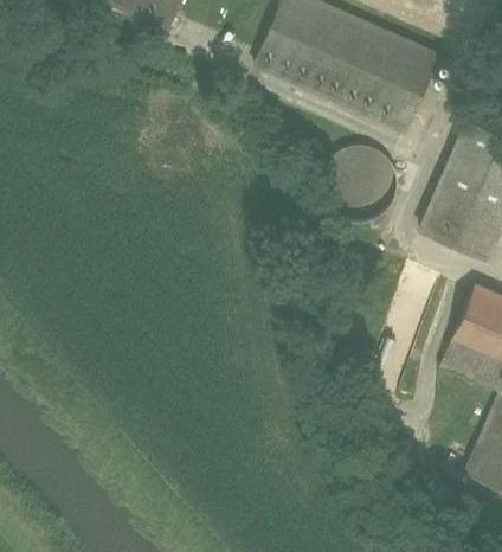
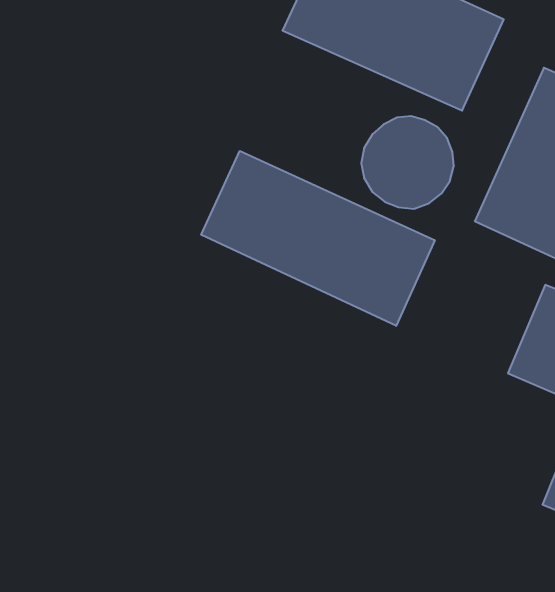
building: none -> [201,151,435,326]

